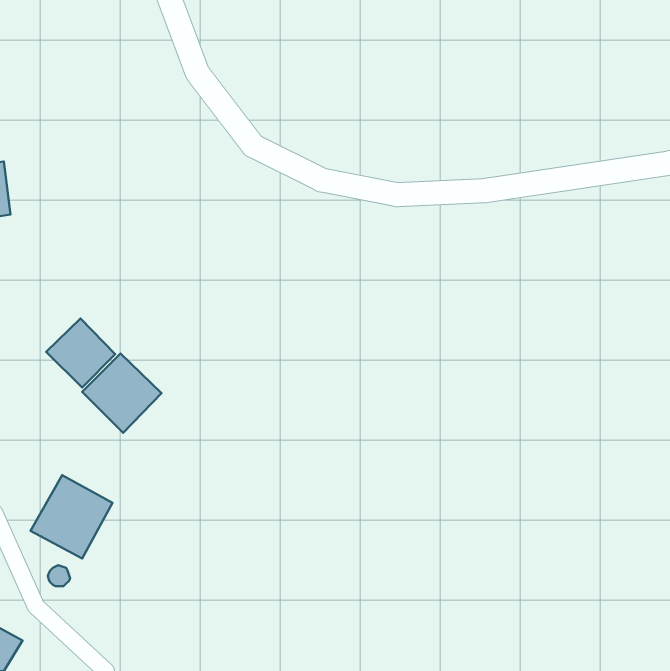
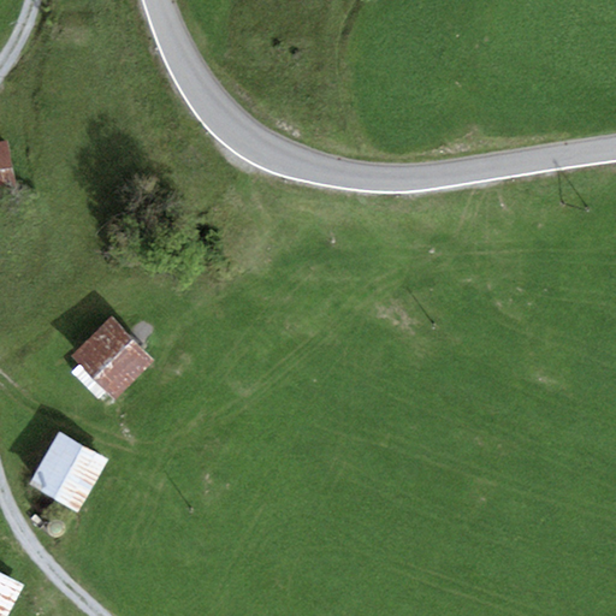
building: [46,319,115,388] -> none

